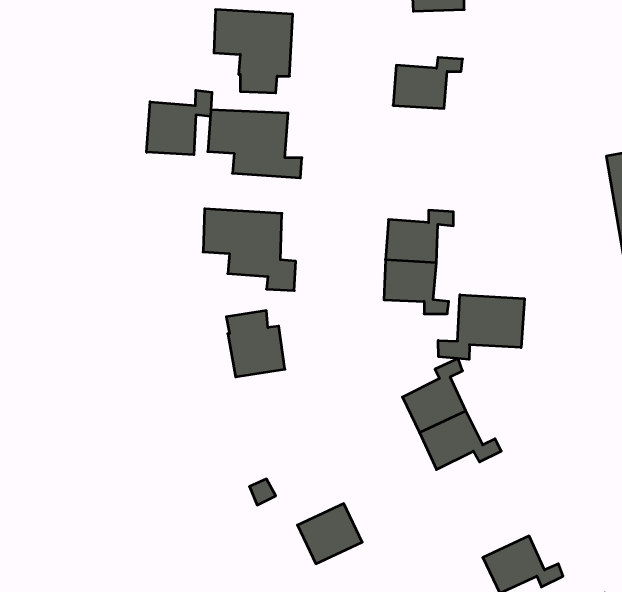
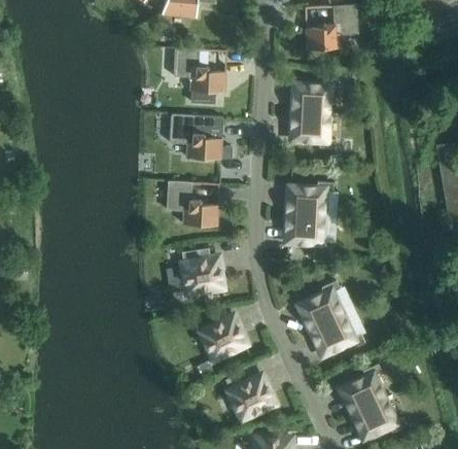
building: [147,90,212,155] -> none
building: none -> [290,110,333,147]
building: [438,295,524,359] -> none
building: none -> [200,316,243,357]
building: none -> [340,362,382,412]

